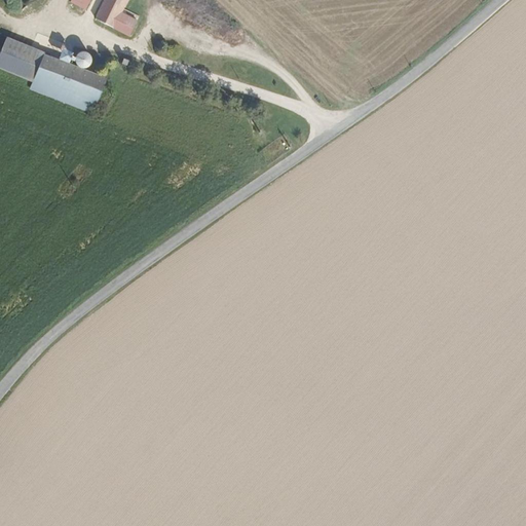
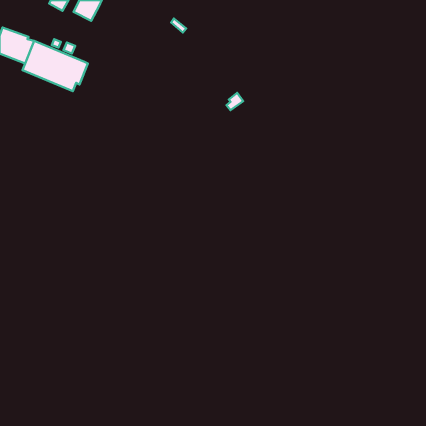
building: [112,7,139,36] -> none

